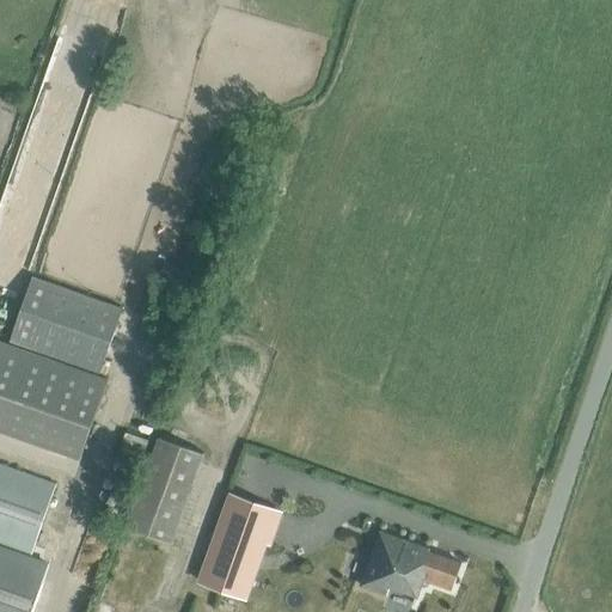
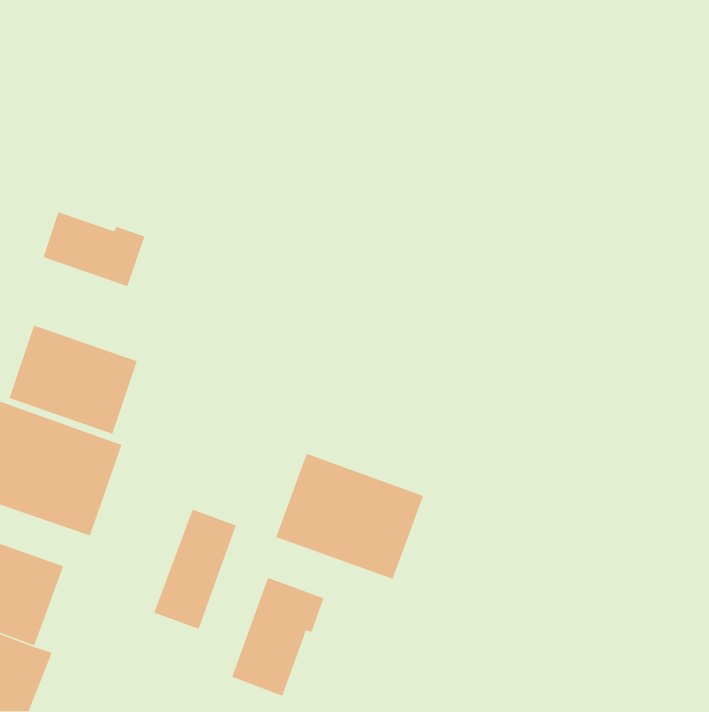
building: none -> [43,211,145,287]
building: none -> [275,453,424,580]
building: [359,531,459,604] -> none

